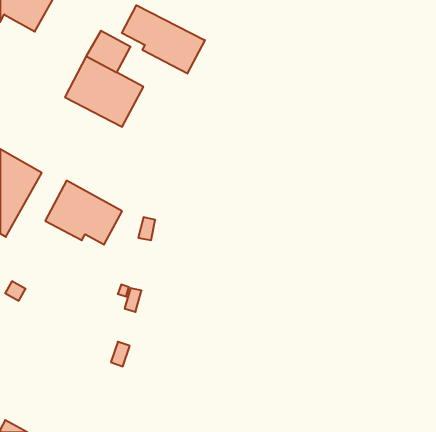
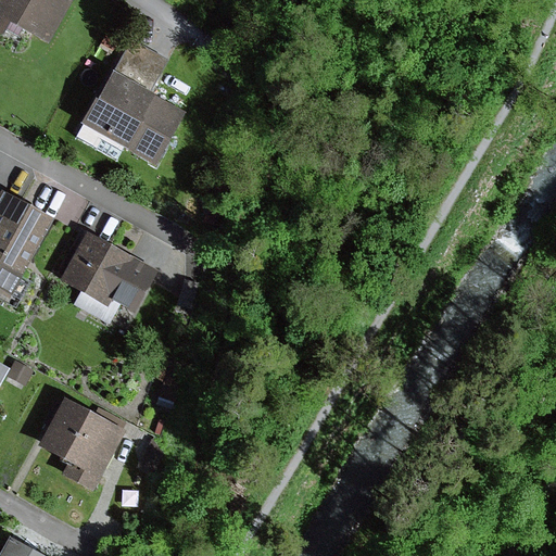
building: [122,5,205,74] -> none
building: none -> [35,397,124,491]

